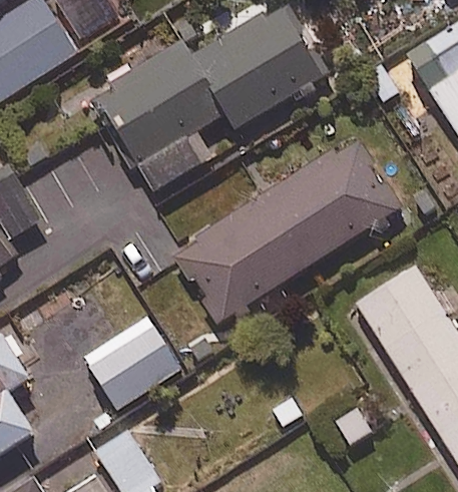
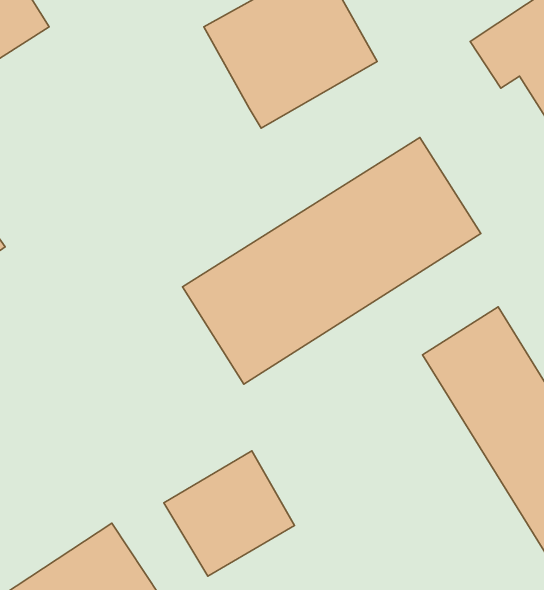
building: [96,40,226,190] -> none
building: [82,317,180,411] -> [164,451,295,576]

